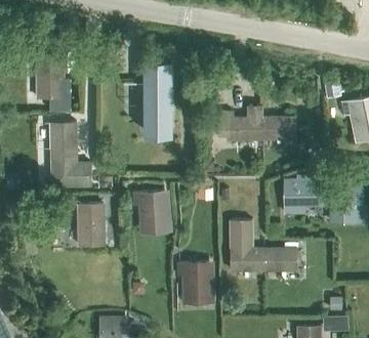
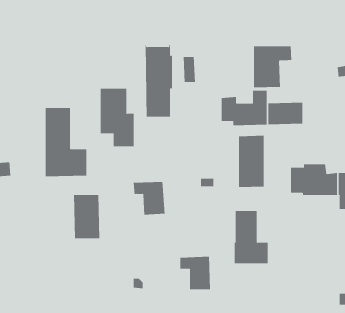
building: [37,56,70,112] -> [100,88,135,147]
building: none -> [254,46,292,88]
building: none -> [239,135,264,188]
building: [262,250,297,271] -> none

